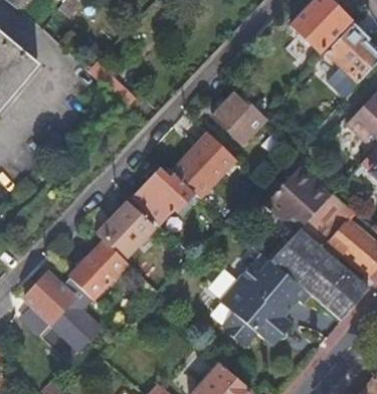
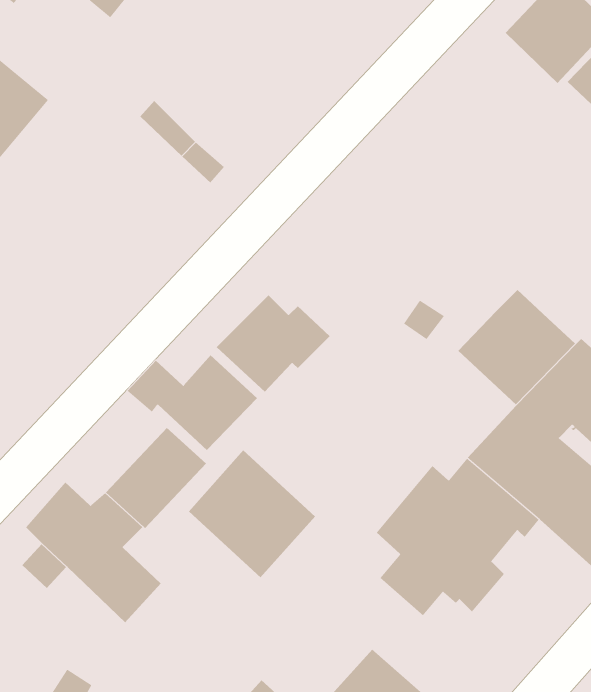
building: [213,90,266,144] -> none
building: [177,133,237,198] -> none
building: none -> [188,450,316,578]

